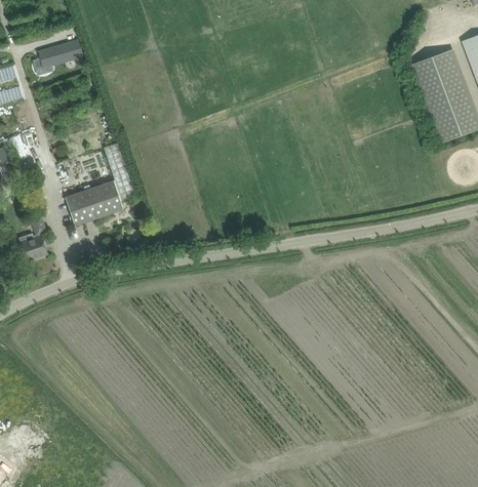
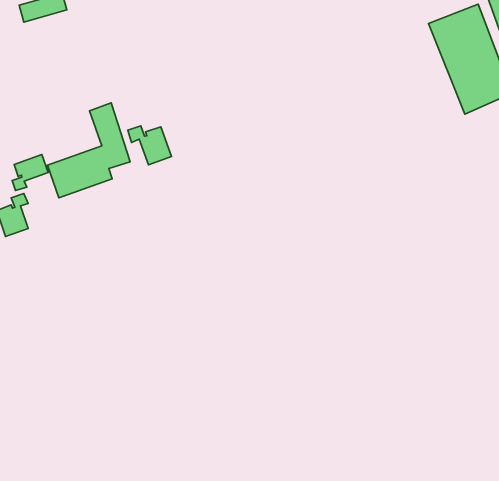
building: none -> [128,126,172,165]
building: none -> [12,155,48,191]

